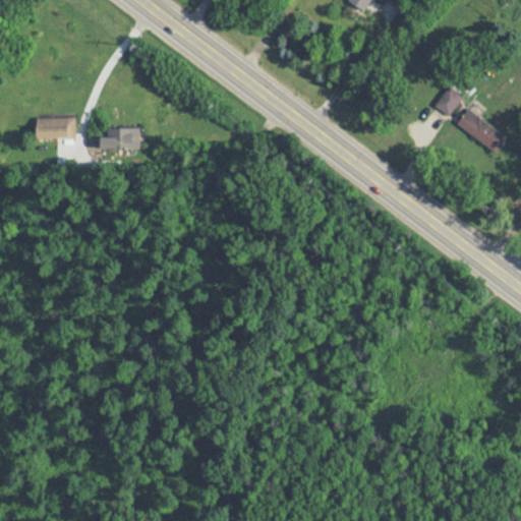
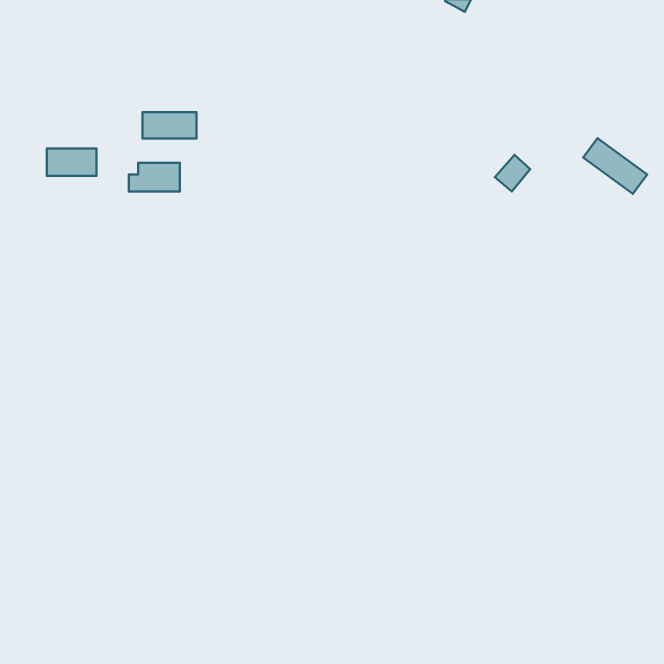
building: [435,86,462,115] -> [495,155,530,191]
building: none -> [142,112,197,138]

